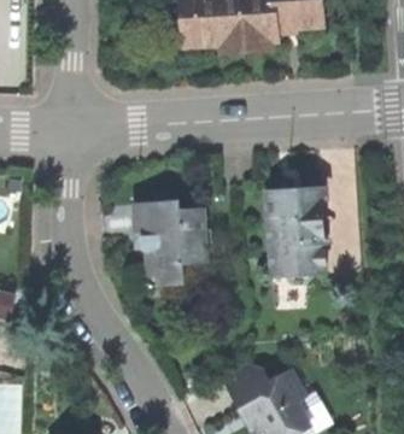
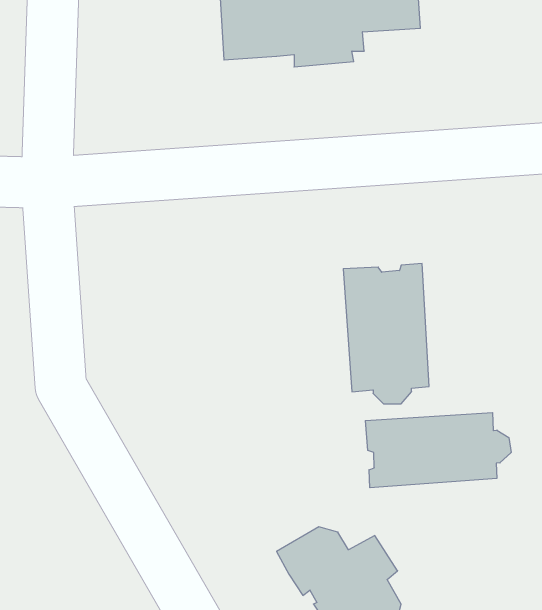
building: [133,189,204,283] -> none
building: none -> [365,413,511,488]

